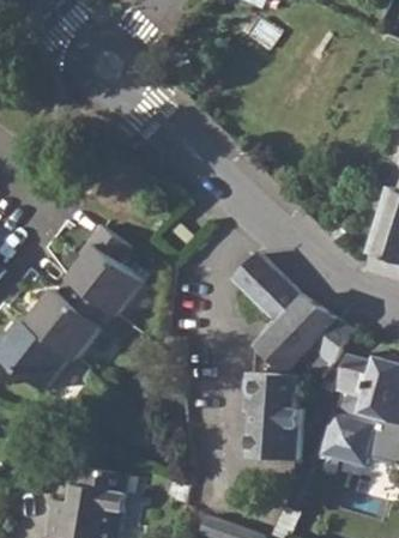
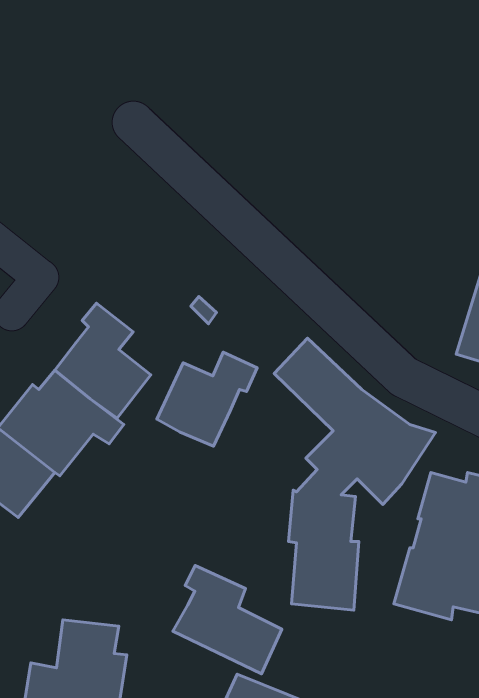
building: none -> [157,352,257,446]
building: none -> [173,566,282,674]

